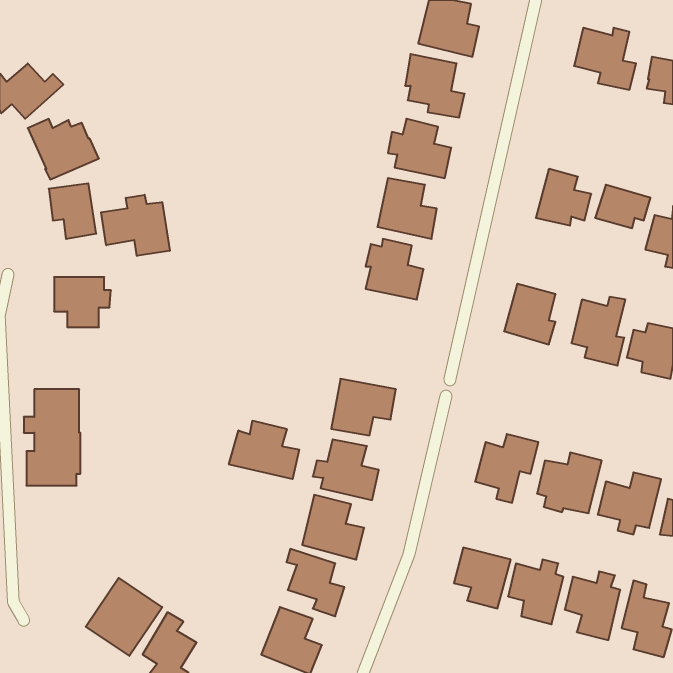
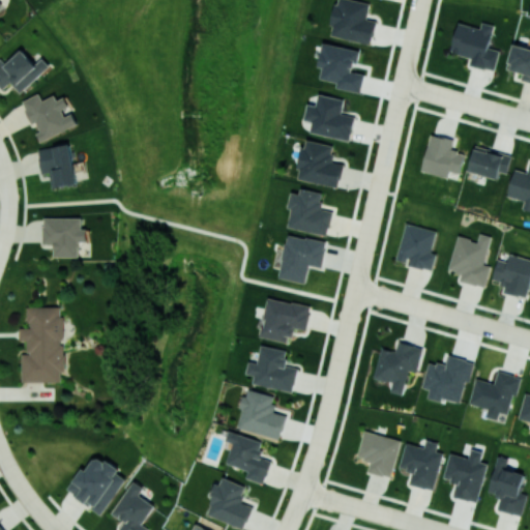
building: [101,195,170,256] -> none
building: none -> [278,235,326,284]
building: [229,421,299,479] -> none

